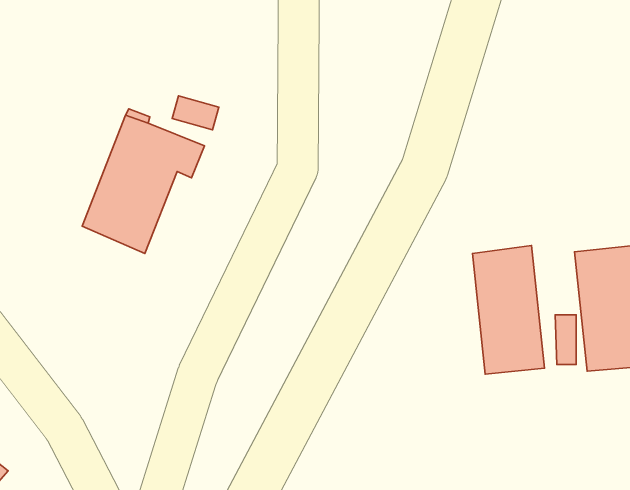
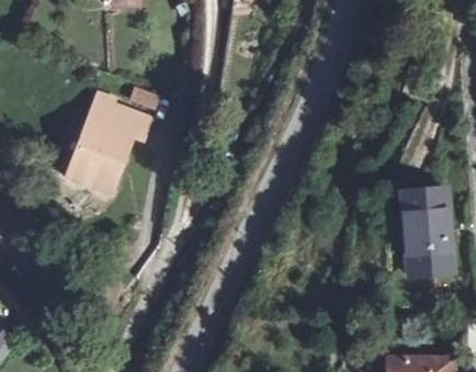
building: [473,246,545,374] -> none

